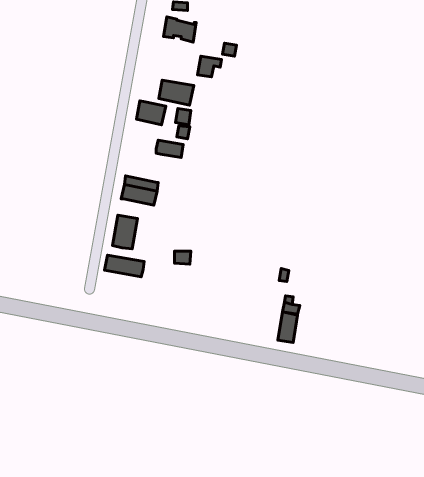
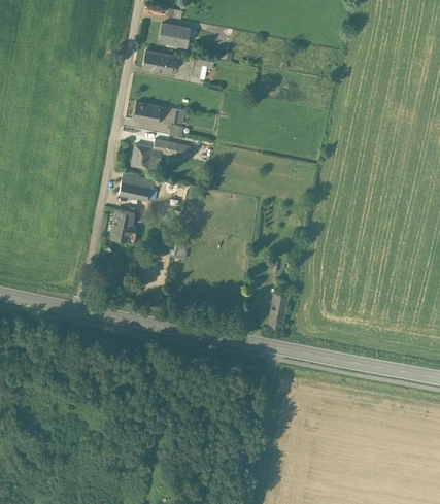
building: [159,80,194,105] -> [143,52,176,75]
building: none -> [132,144,153,169]
building: [105,255,144,277] -> none

